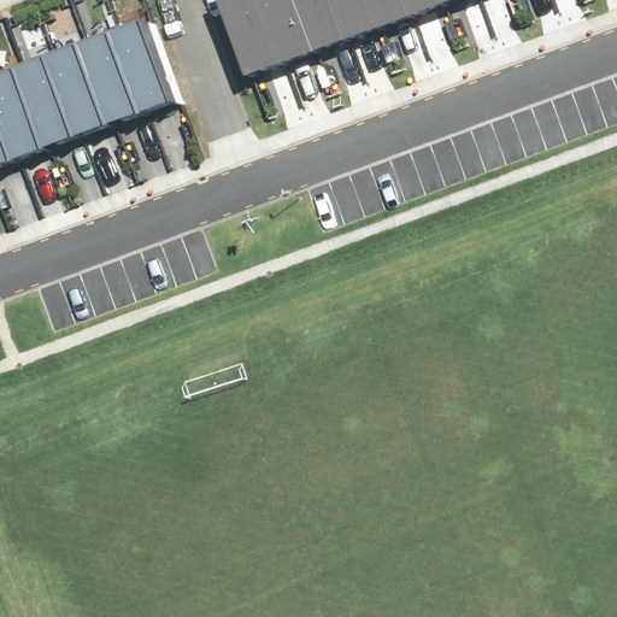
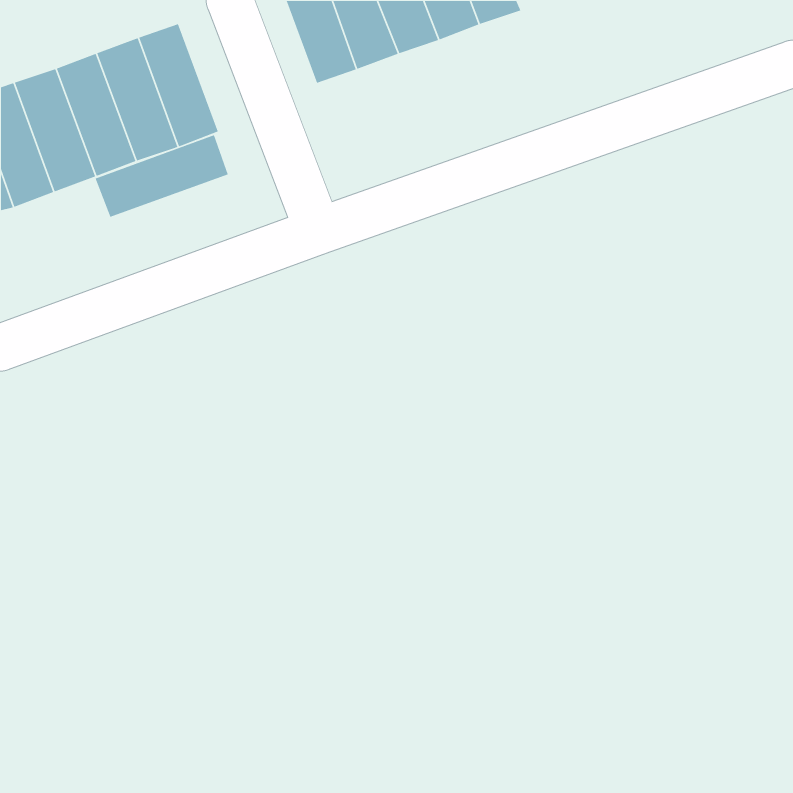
building: none -> [94,134,229,218]

